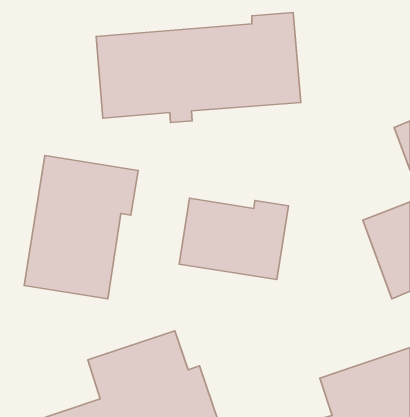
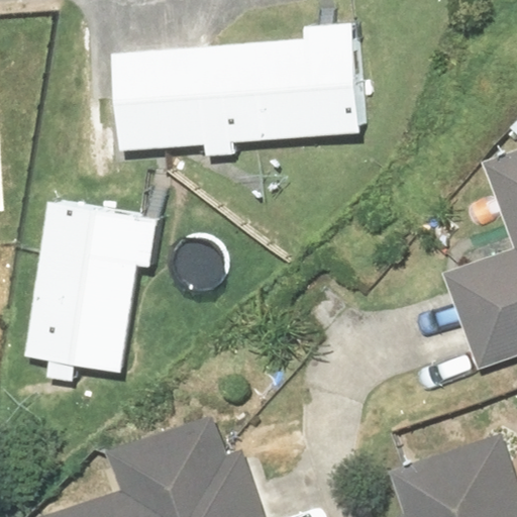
building: [179,198,289,280] -> none

